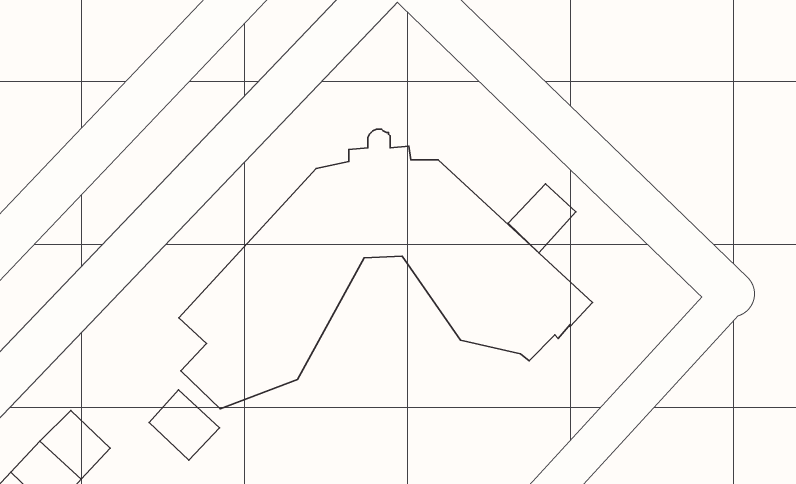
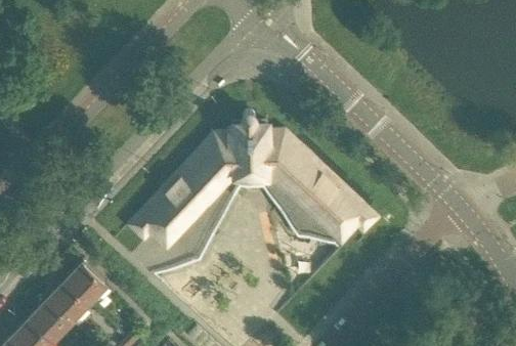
building: [508,184,576,253] -> none
building: [149,390,220,460] -> [67,260,109,302]

